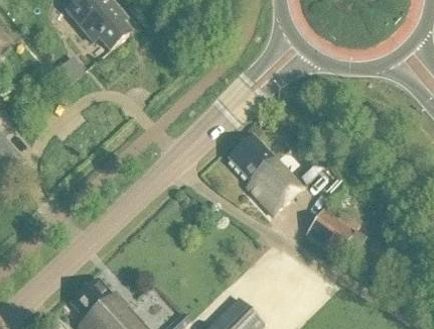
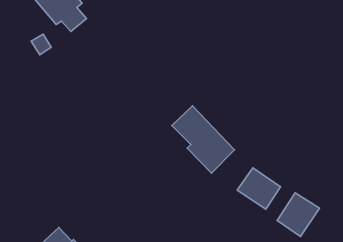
building: none -> [277,193,319,237]

